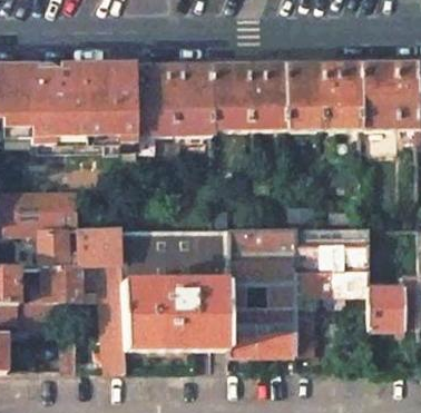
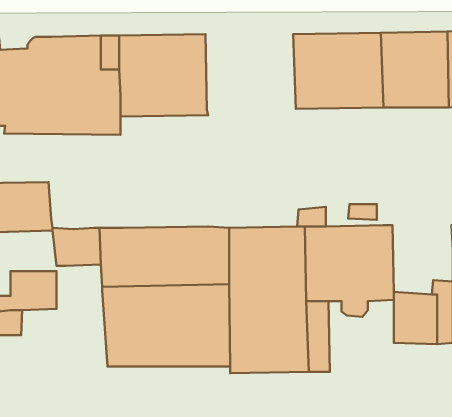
building: [208,65,285,129] -> none
building: [40,232,81,266] -> none
building: [100,283,126,371] -> none

